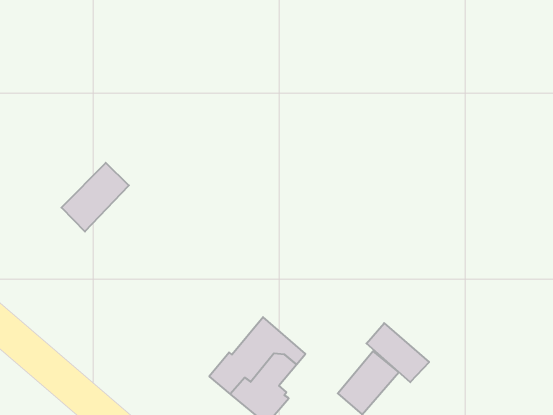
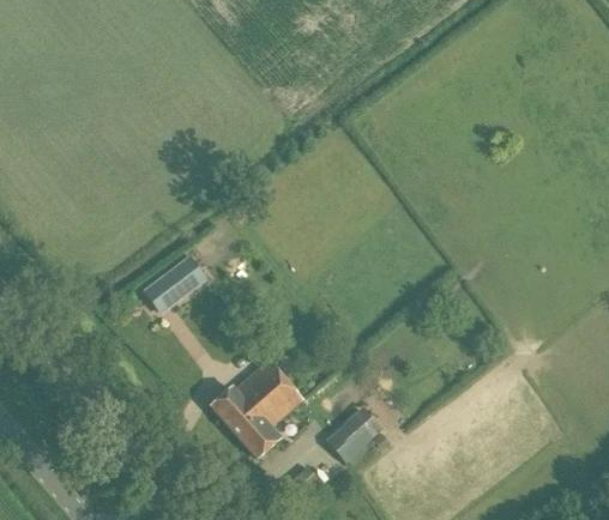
building: [61,163,129,232] -> [143,255,207,315]
building: [366,323,429,382] -> none

